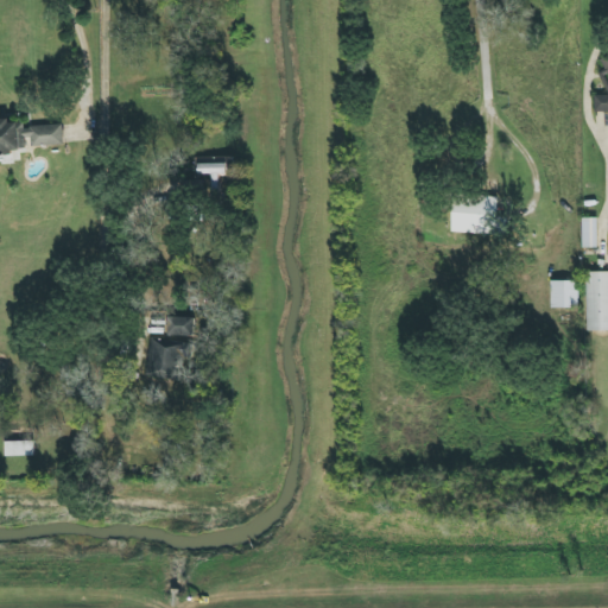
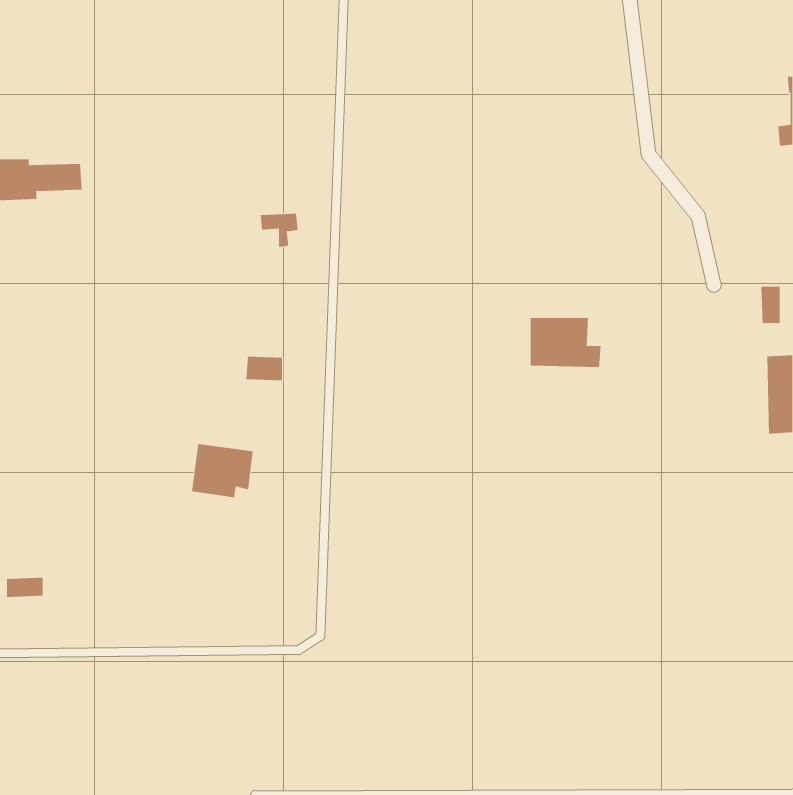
building: [452,196,507,234] -> [530,318,601,367]
building: [550,281,578,308] -> none
building: [166,317,195,336] -> [245,356,283,381]

